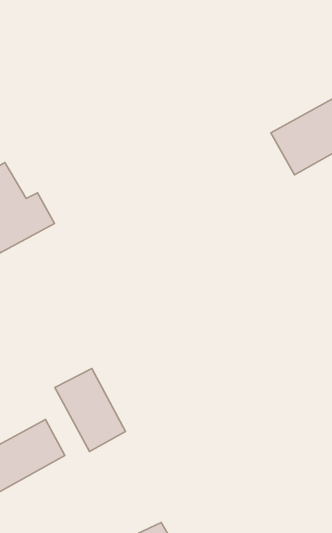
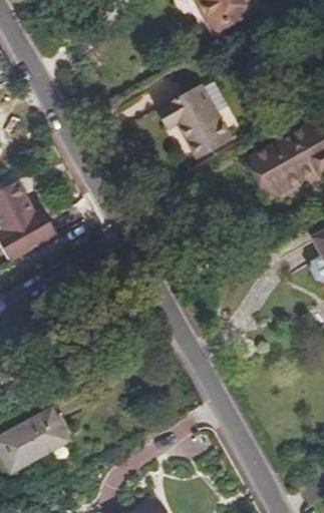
building: none -> [160,84,231,157]
building: [55,368,125,451] -> none

